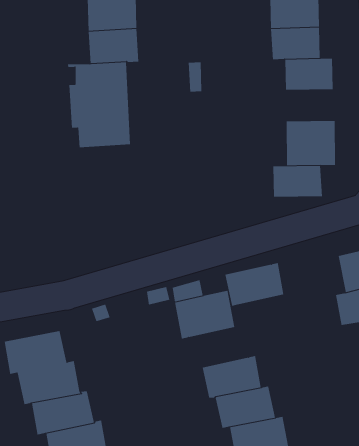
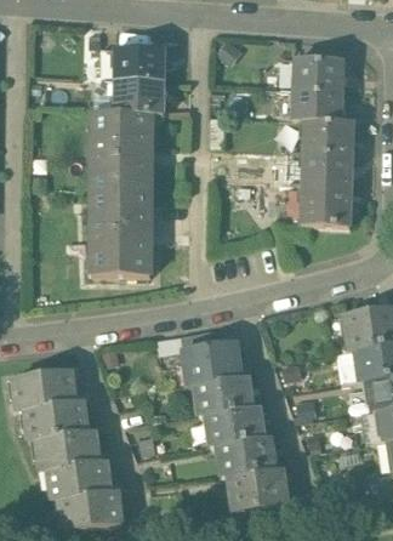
building: none -> [92,193,150,275]
building: [273,166,323,197] -> [303,149,352,182]
building: [225,263,284,306] -> [195,376,252,416]

